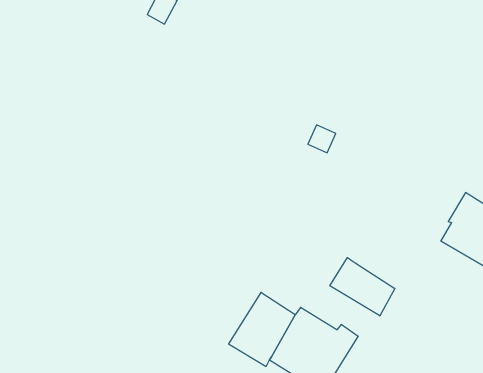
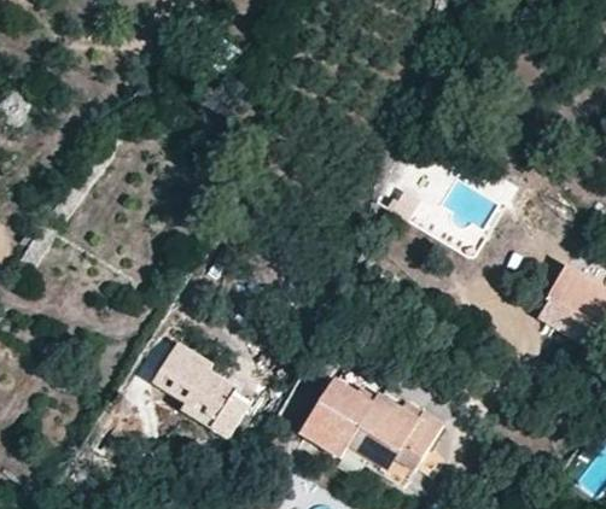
building: [330,258,395,316] -> none
building: none -> [150,340,254,438]

